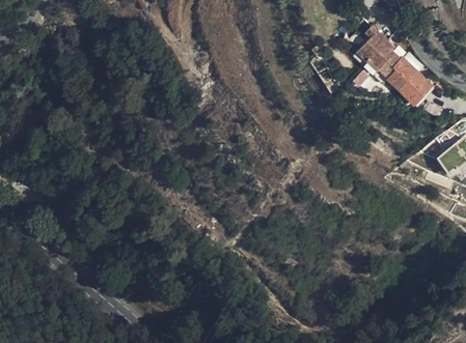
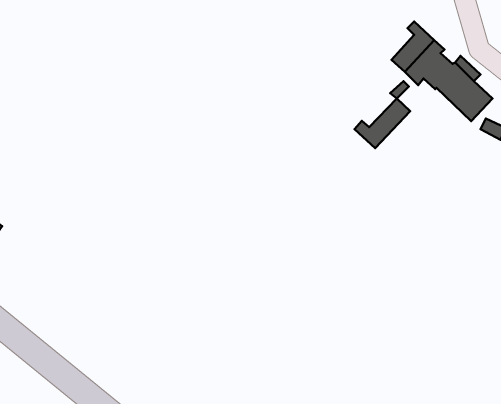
building: none -> [355,99,410,148]

